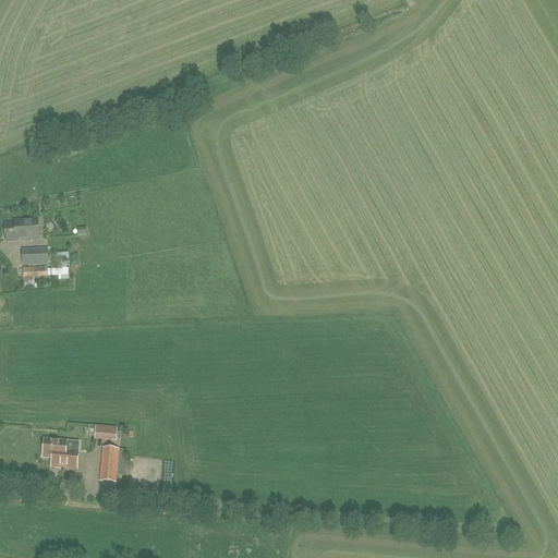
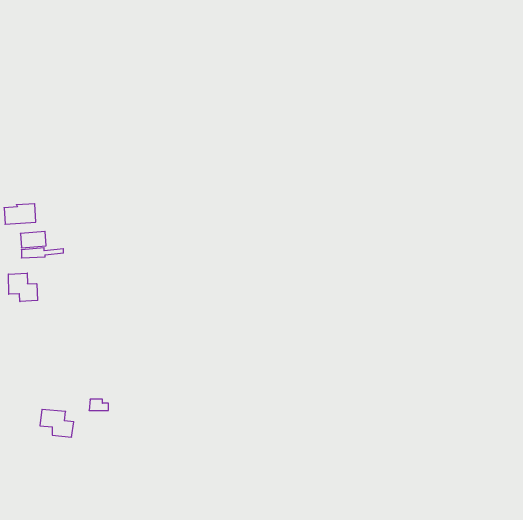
building: none -> [8,273,38,302]
building: [99,445,117,477] -> none

